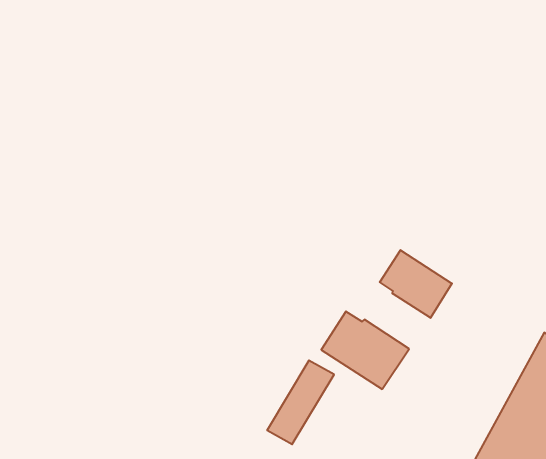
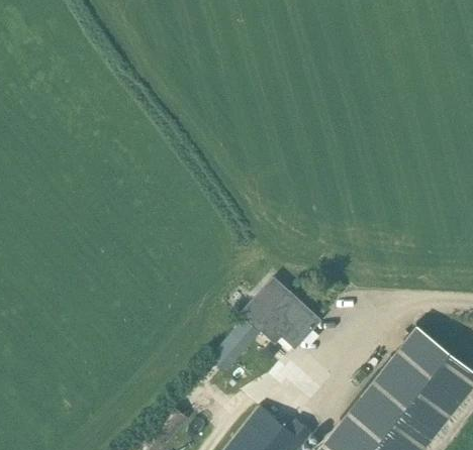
building: [380,250,452,318] -> none

